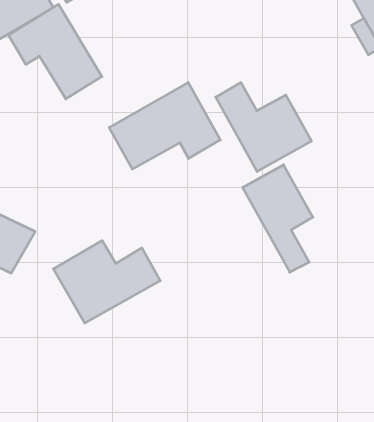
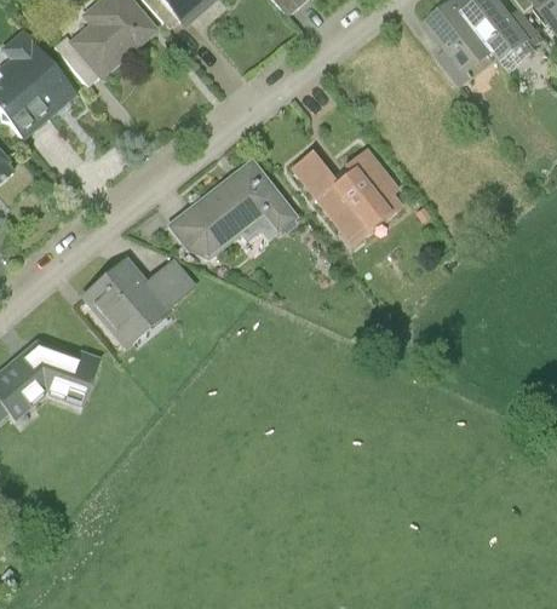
building: [9,4,102,99] -> none
building: [243,165,313,272] -> none
building: [53,241,160,323] -> [74,252,202,352]

